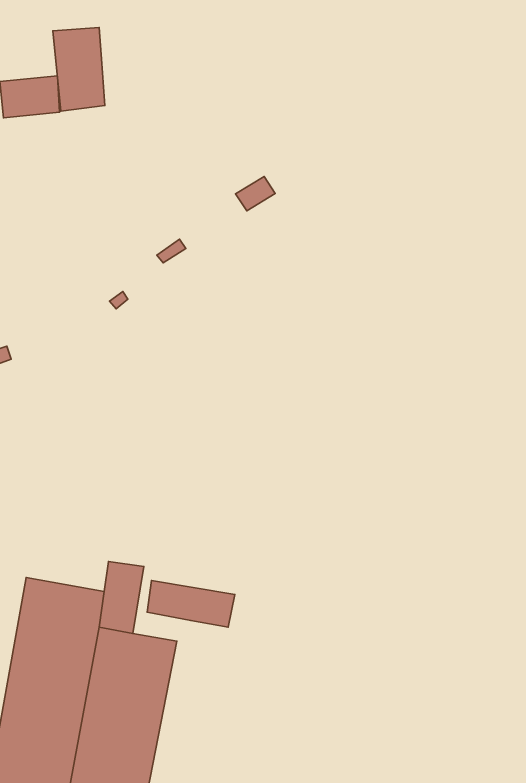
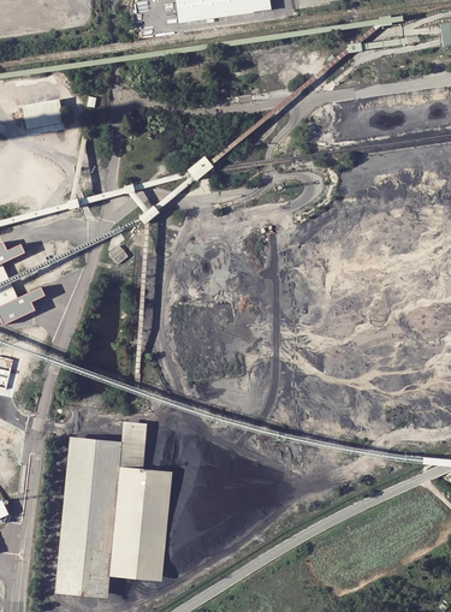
building: [53,28,105,111] -> none
building: [147,581,235,627] -> none

